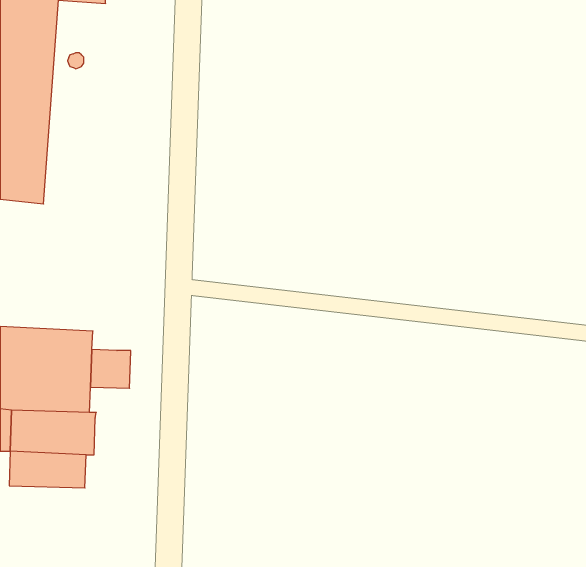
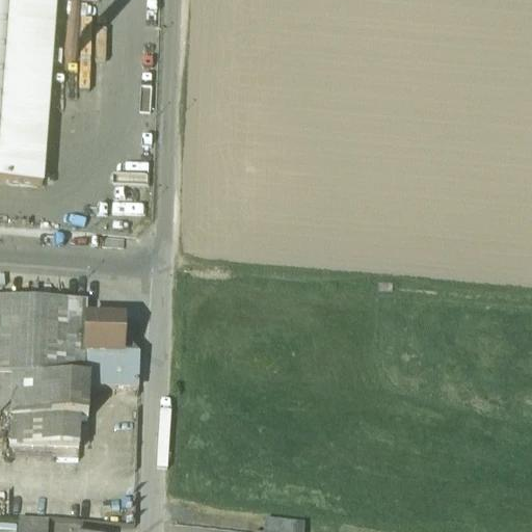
building: none -> [81,319,137,381]

